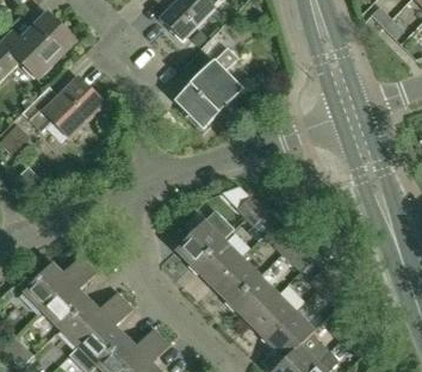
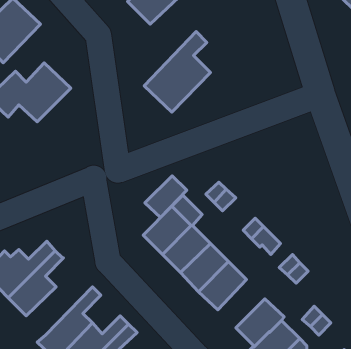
building: none -> [145,176,187,218]
building: [60,291,125,347] -> none
building: [249,292,296,340] -> none

